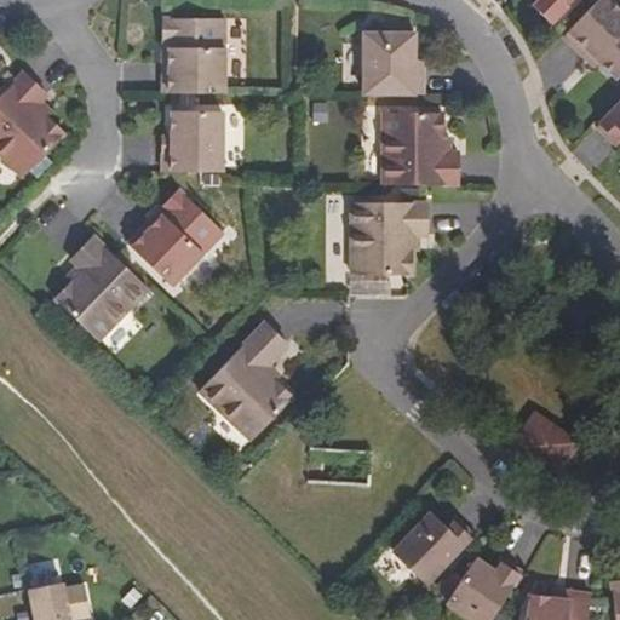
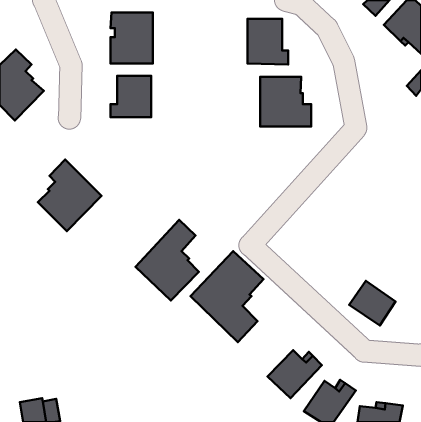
building: [130,189,225,286] -> none
building: [350,202,426,275] -> none
building: none -> [191,251,263,342]

